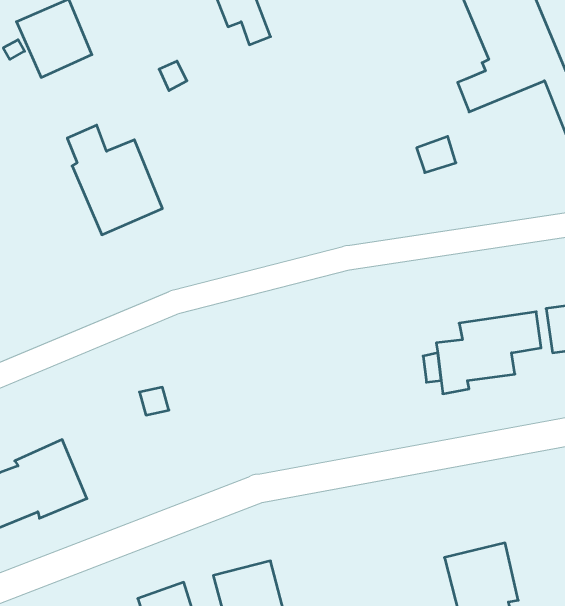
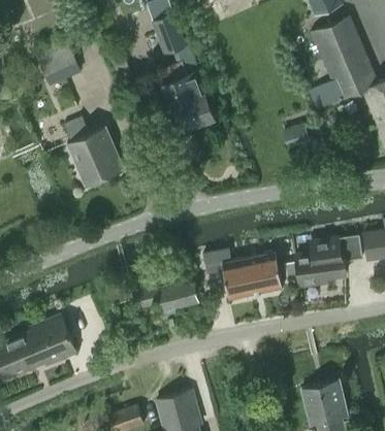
building: none -> [164,70,215,128]
building: none -> [202,247,281,298]
building: none -> [131,279,197,310]

